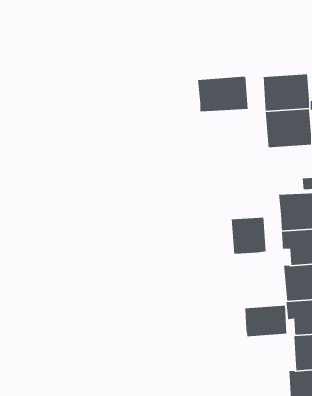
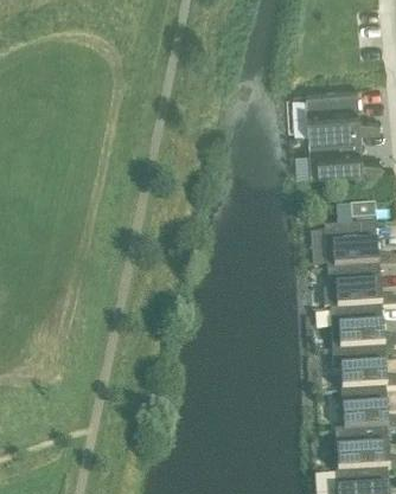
building: [197,76,248,112] -> none
building: [231,217,267,255] -> none
building: [244,305,287,337] -> none

